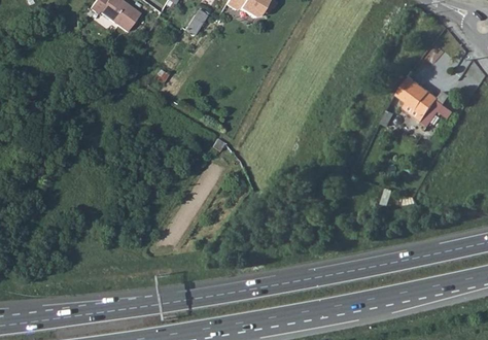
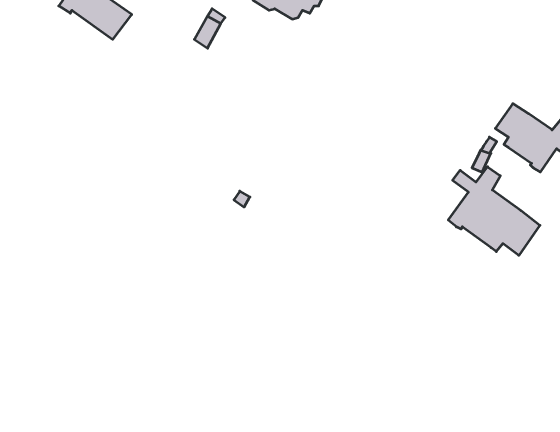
building: none -> [448,167,540,255]

